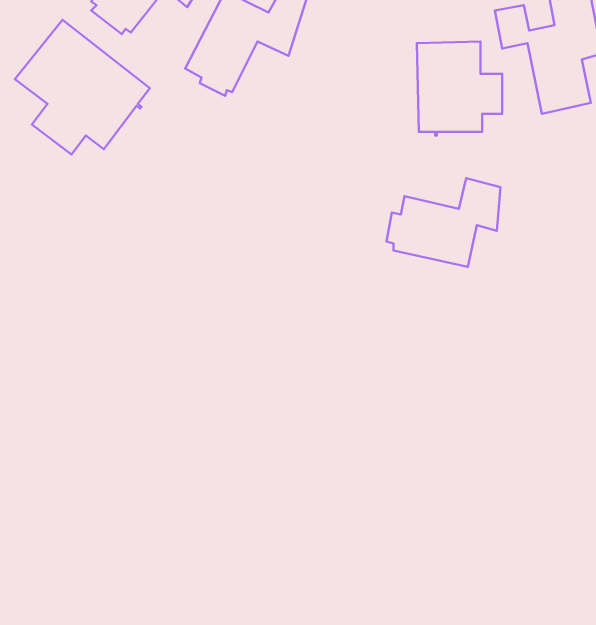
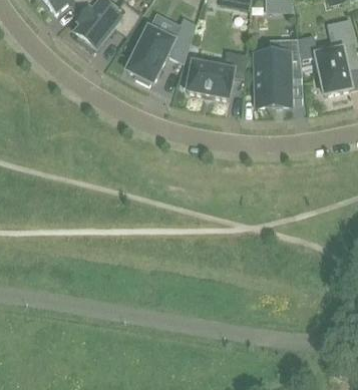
building: [15,20,150,155] -> none
building: [386,178,500,267] -> [182,49,245,98]

